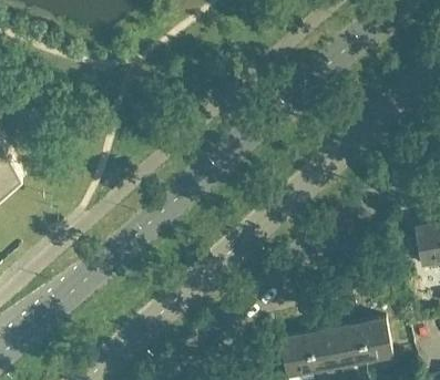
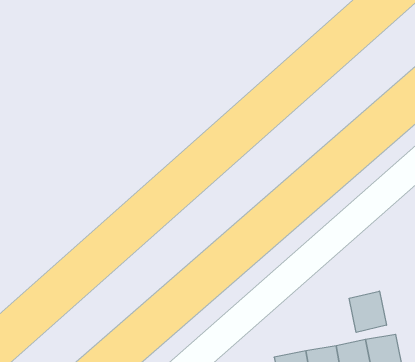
building: none -> [349,291,386,332]

